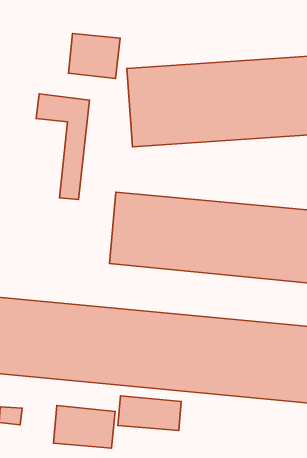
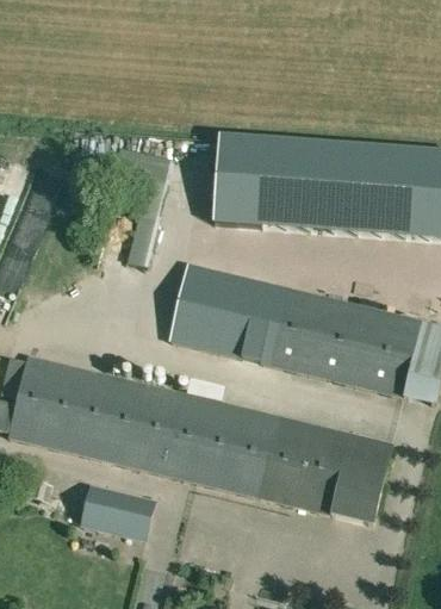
building: [68,34,120,79] -> none
building: [118,396,181,431] -> none

